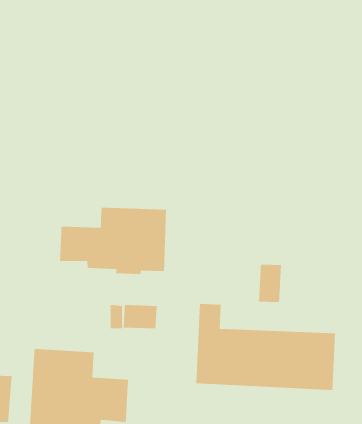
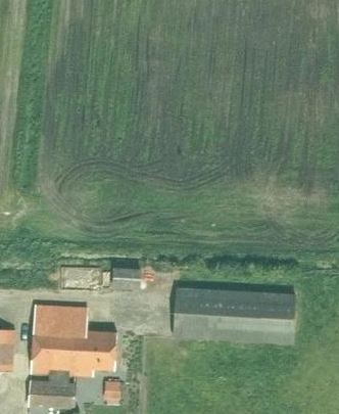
building: [59,207,167,275] -> none
building: [258,264,282,303] -> none

